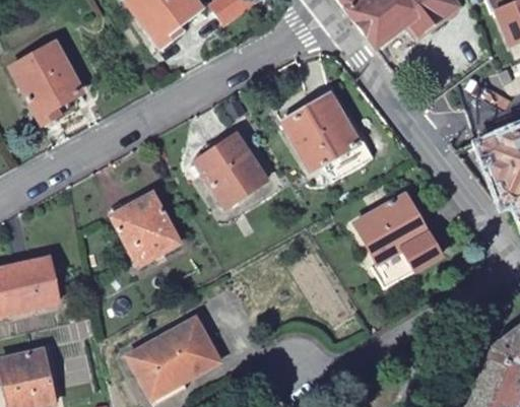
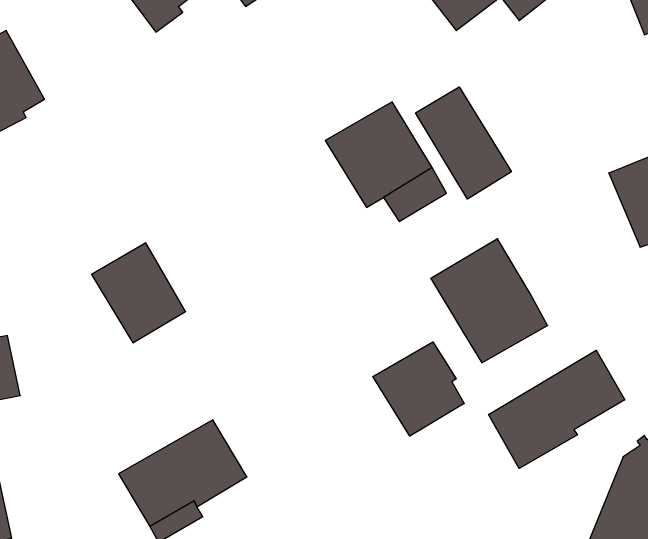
building: none -> [416,87,511,199]
building: [186,134,263,206] -> none
building: none -> [373,342,464,436]
building: none -> [489,350,625,468]

